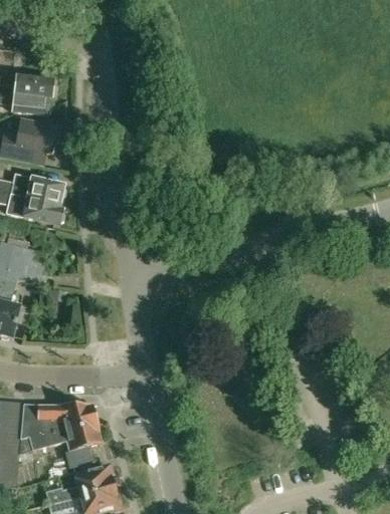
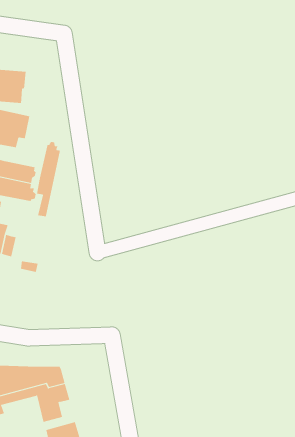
building: none -> [37,141,60,217]

